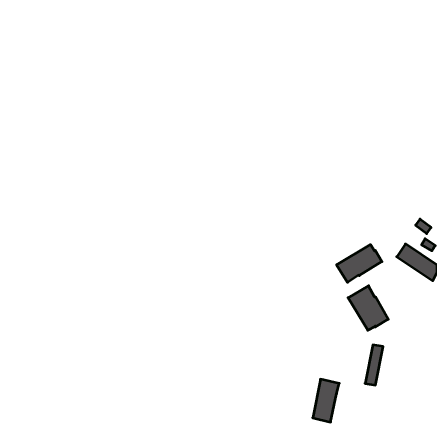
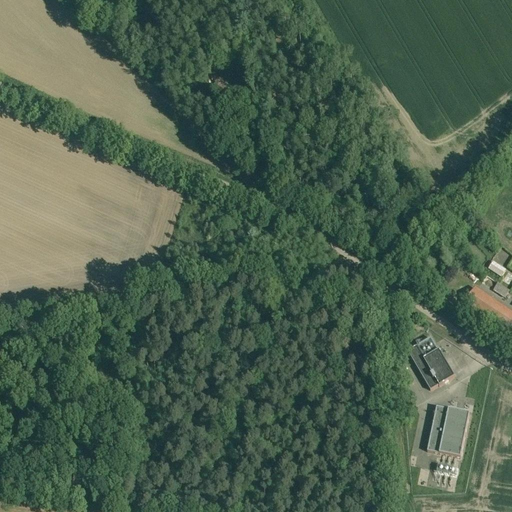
building: [337,245,382,282] -> none
building: [313,379,339,422] -> [439,405,470,455]

